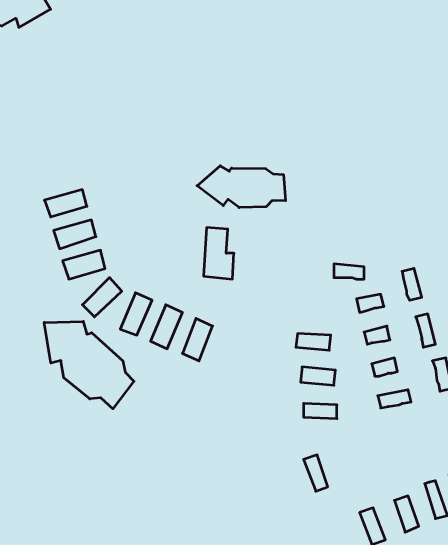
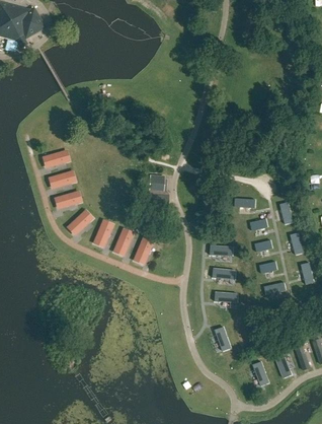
building: [197,166,286,208] -> none
building: [44,321,134,409] -> none

